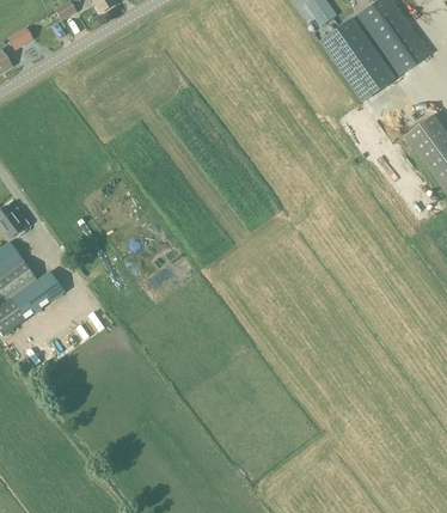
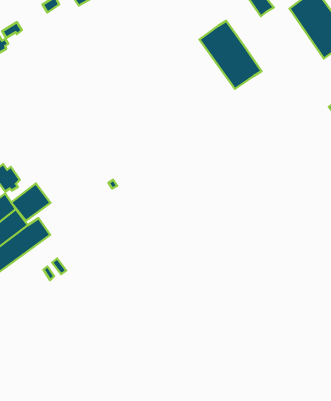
building: [319,18,394,100] -> [200,21,262,89]
building: none -> [11,183,50,221]

